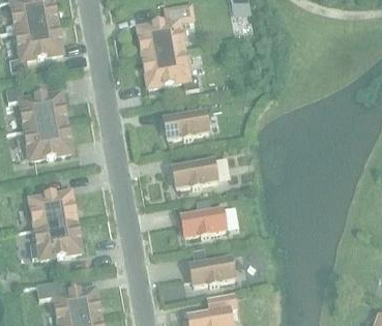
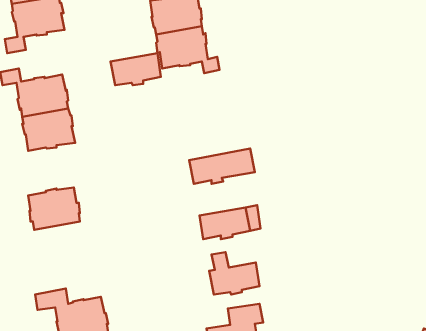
building: [163,110,207,138] -> [110,53,161,85]
building: [28,220,80,258] -> none

